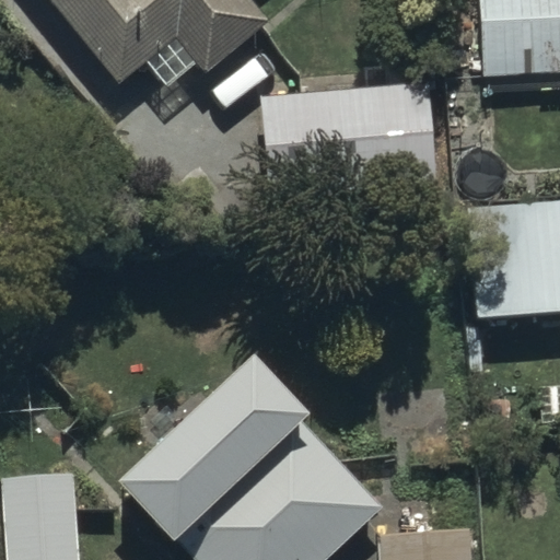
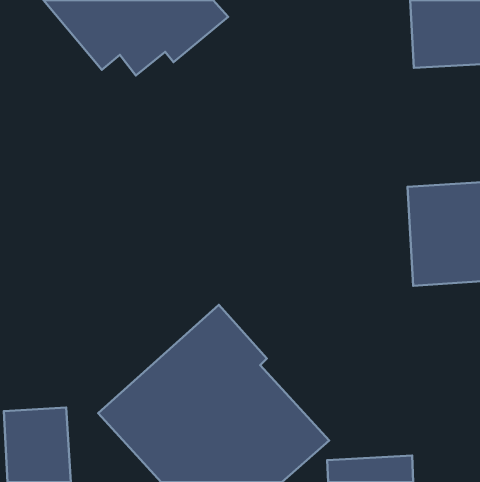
building: [261,89,435,189] -> none

